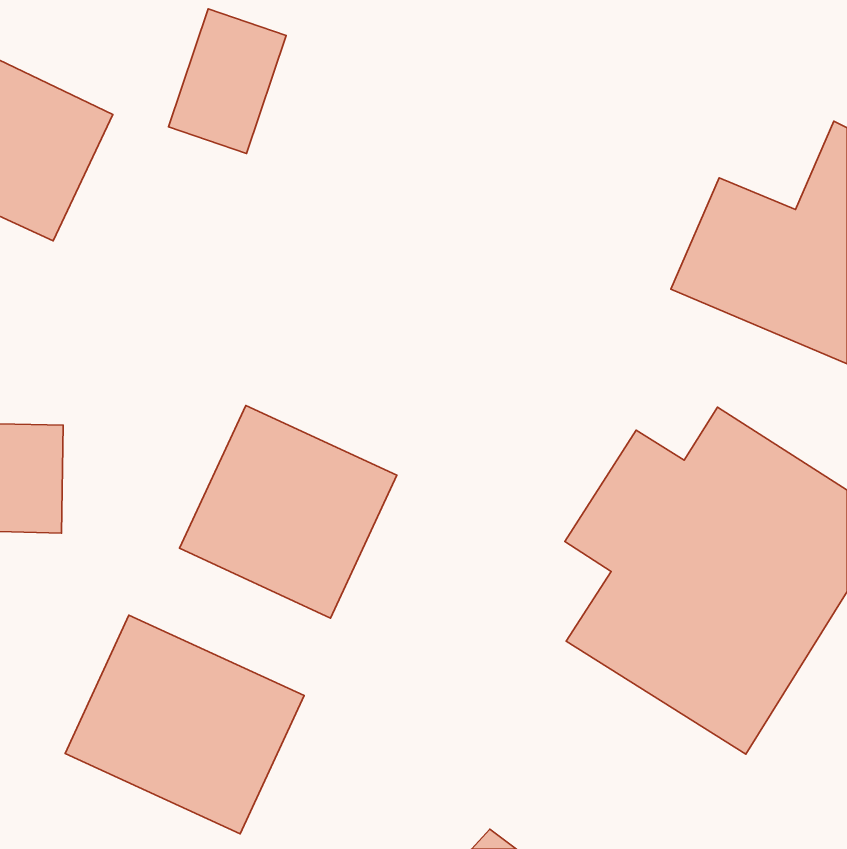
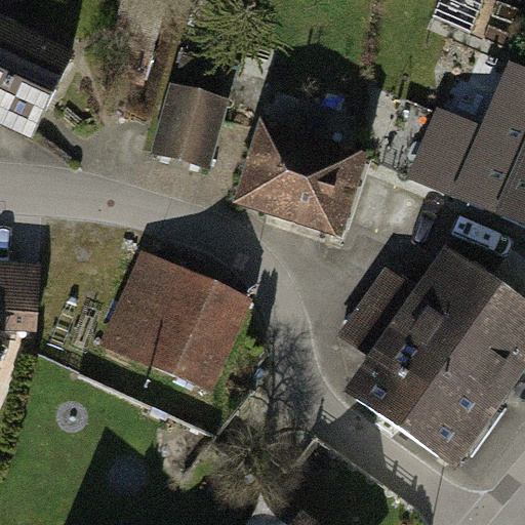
building: [168,9,286,153] -> [155,83,228,172]
building: none -> [233,118,368,241]
building: [65,615,304,834] -> none

